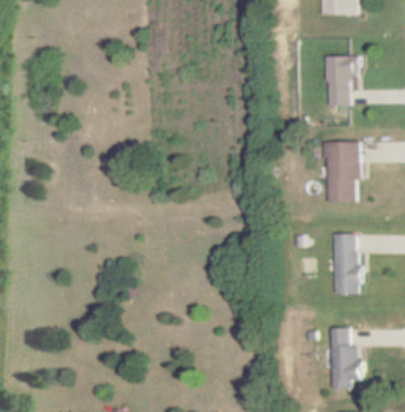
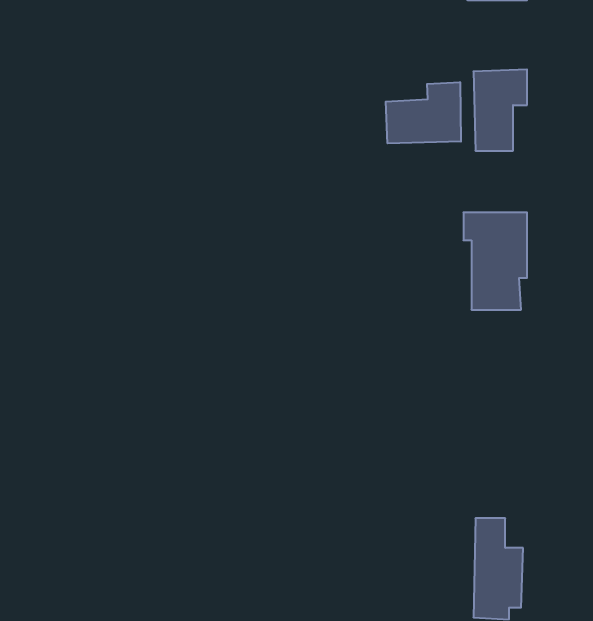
building: none -> [386,82,461,143]
building: [333,233,359,293] -> none

